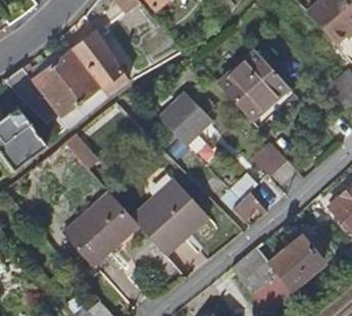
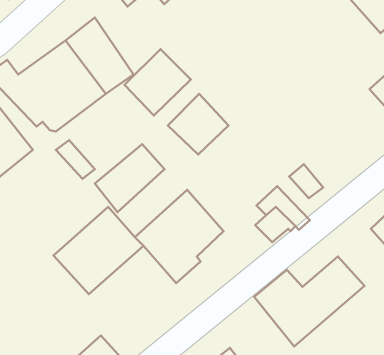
building: [218,54,285,121] -> none
building: none -> [125,49,191,115]
building: none -> [95,144,165,212]

